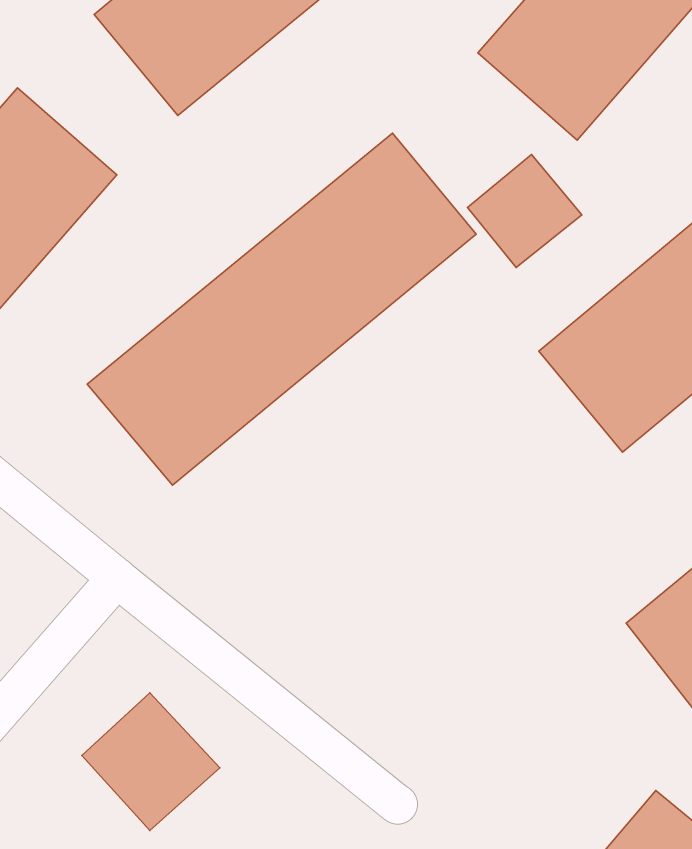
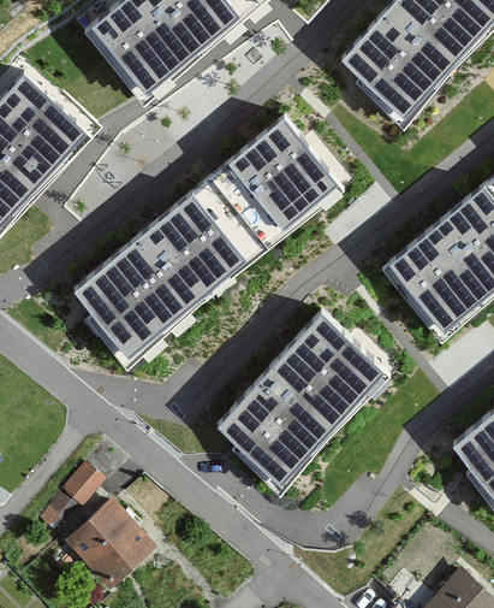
building: [467,154,582,268] -> none
building: none -> [221,314,394,492]
building: none -> [41,464,102,526]

